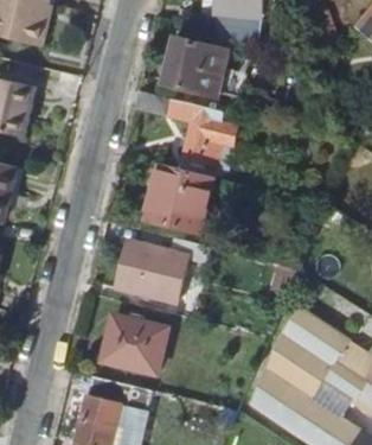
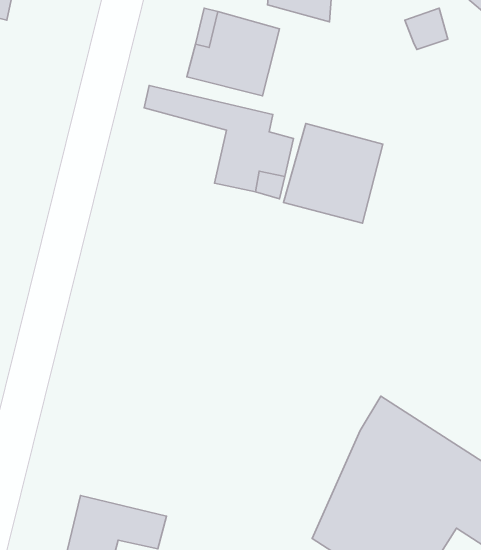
building: [146,164,214,233] -> [283,124,383,223]
building: [116,239,210,304] -> none
building: [102,314,168,375] -> none

